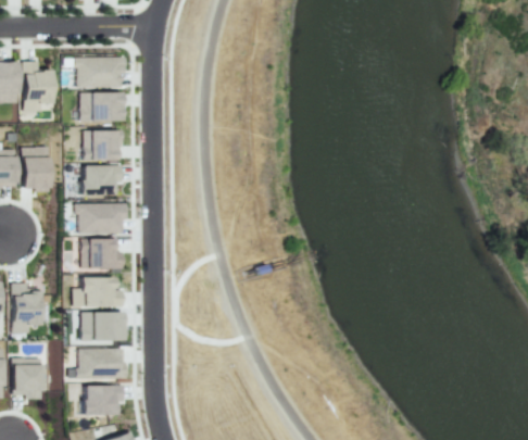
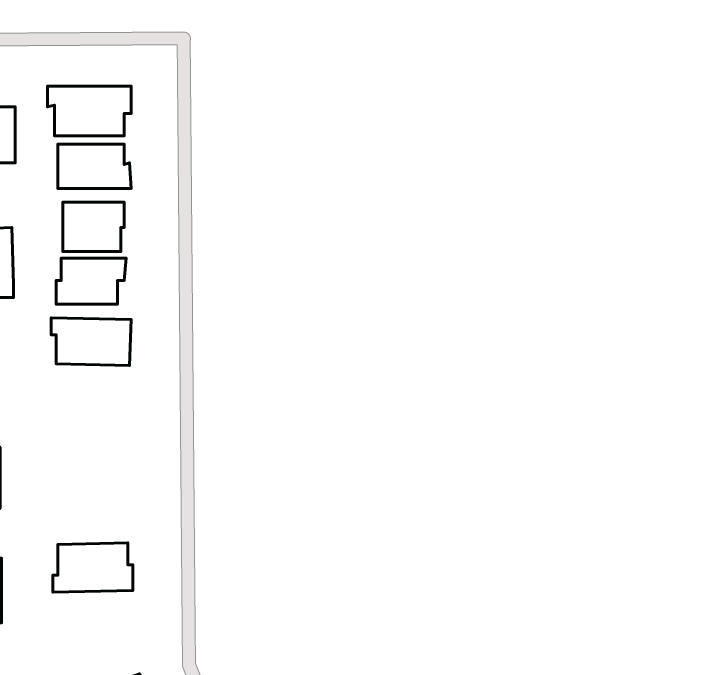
building: [80,239,124,269] -> none
building: [74,277,125,309] -> none
building: [81,313,127,341] -> none
building: [83,386,125,415] -> none

